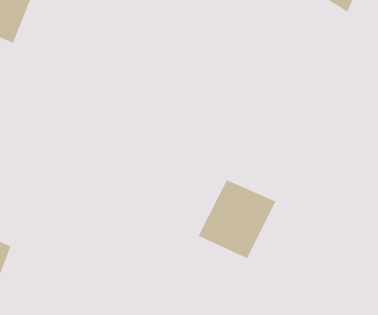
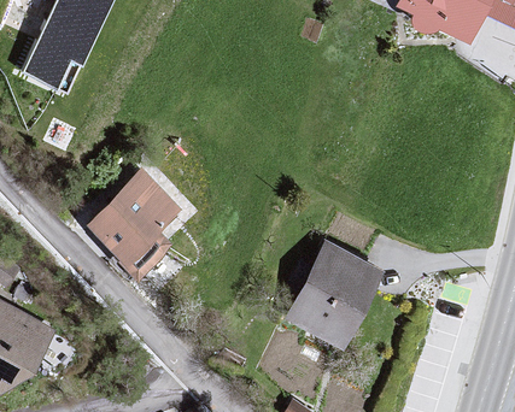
building: none -> [94,170,188,261]

